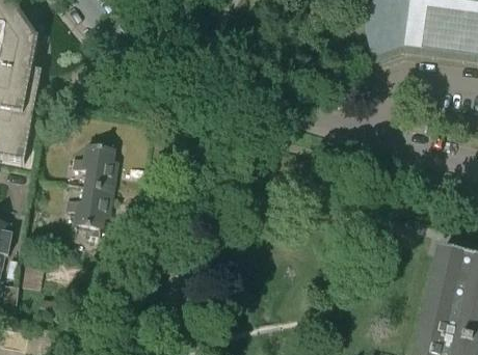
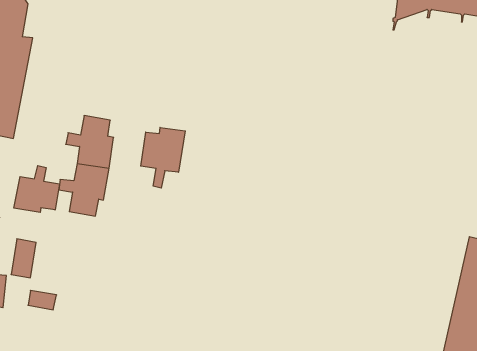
building: none -> [141,127,185,188]
building: none -> [14,166,60,212]

